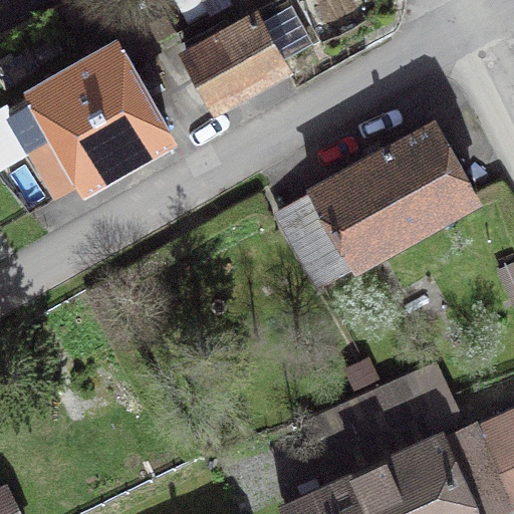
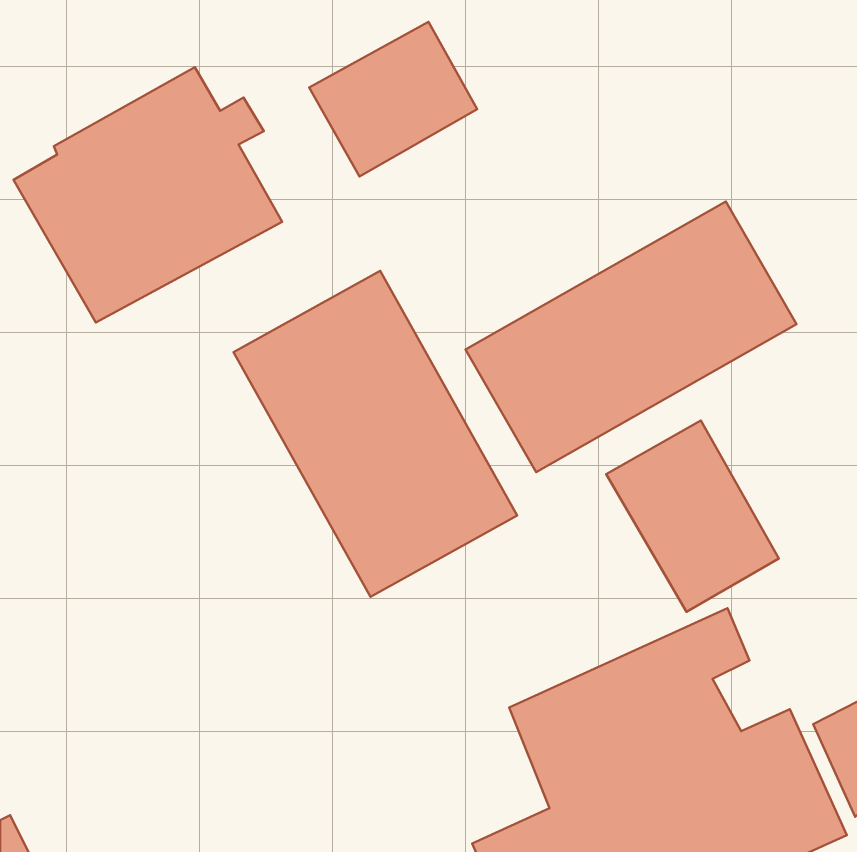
building: none -> [234,271,517,597]
building: none -> [606,420,779,612]

